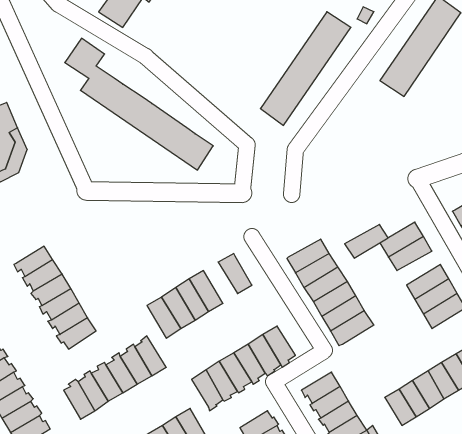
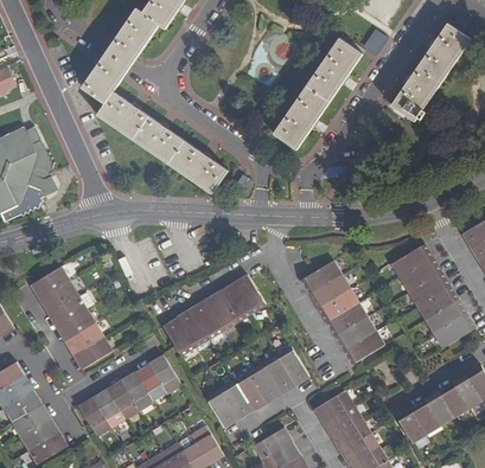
building: none -> [97,38,138,79]
building: [345,224,388,258] -> [407,273,449,306]
building: none -> [217,283,250,323]

